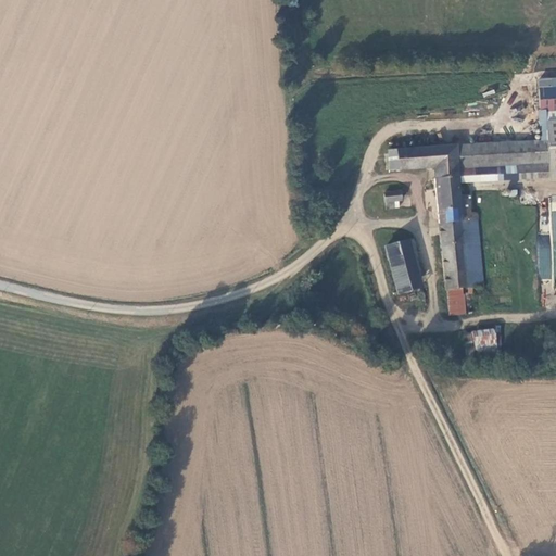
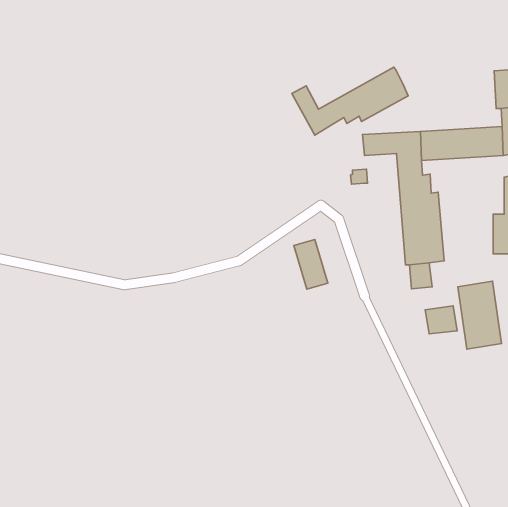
building: none -> [292,67,408,135]
building: [386,239,422,293] -> [294,239,328,289]
building: none -> [458,281,502,349]

